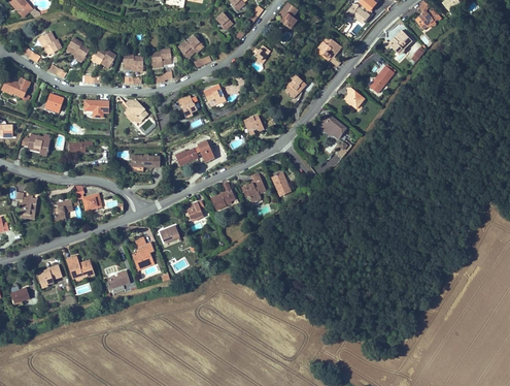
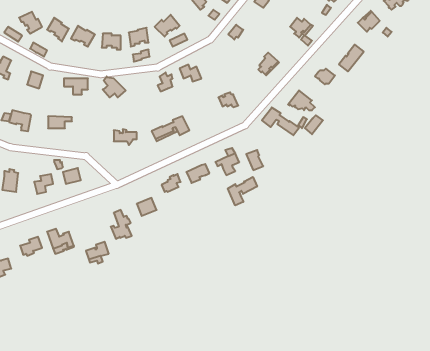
building: none -> [262,107,299,135]
building: none -> [228,177,257,205]

